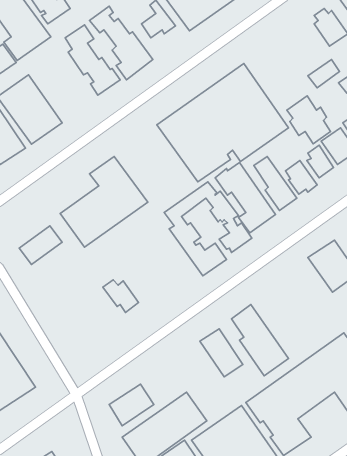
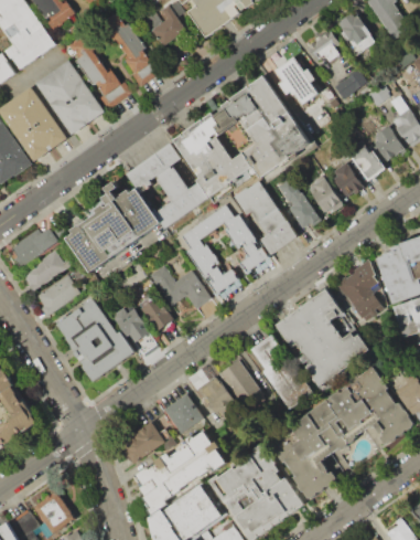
building: none -> [305,30,347,73]
building: none -> [34,59,105,134]
building: [287,96,331,144] -> [271,55,319,107]
building: none -> [127,142,209,229]
building: none -> [11,229,57,268]
building: none -> [150,265,212,309]
building: none -> [36,275,79,316]
building: none -> [273,288,369,387]
building: none -> [139,294,174,331]
building: none -> [56,296,133,381]
building: none -> [197,375,238,423]
building: none -> [163,392,204,433]

